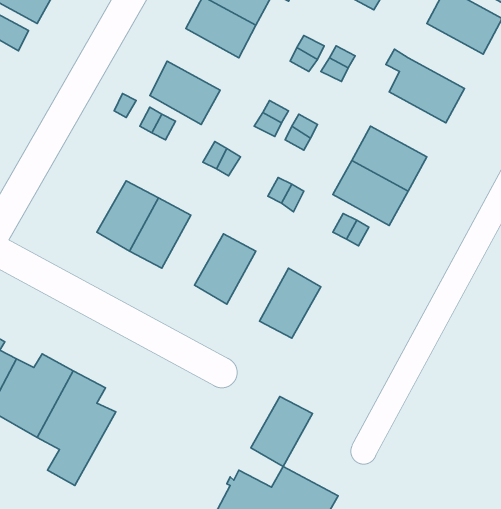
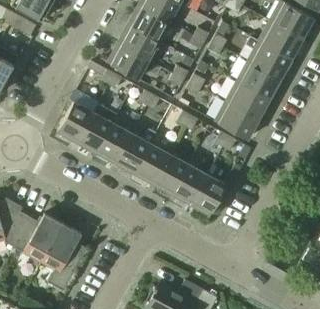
building: none -> [258,21,302,59]
building: none -> [117,24,159,60]
building: none -> [236,61,280,99]
building: none -> [57,102,93,143]
building: none -> [114,129,155,174]
building: none -> [152,154,188,195]
building: [251,396,312,467] -> [190,175,226,216]

